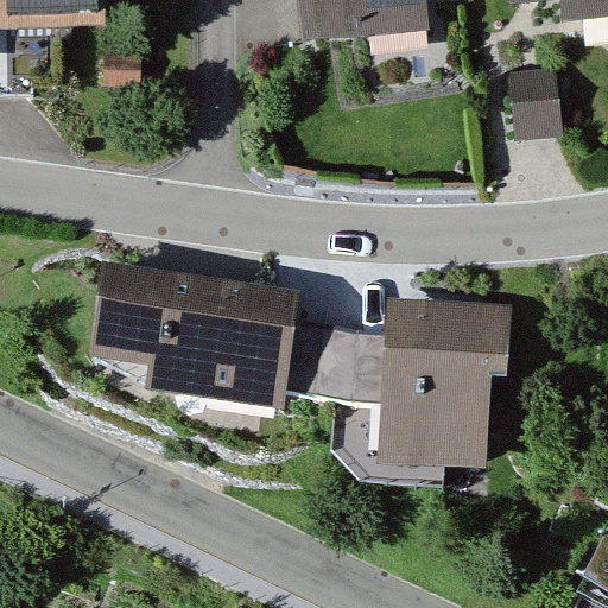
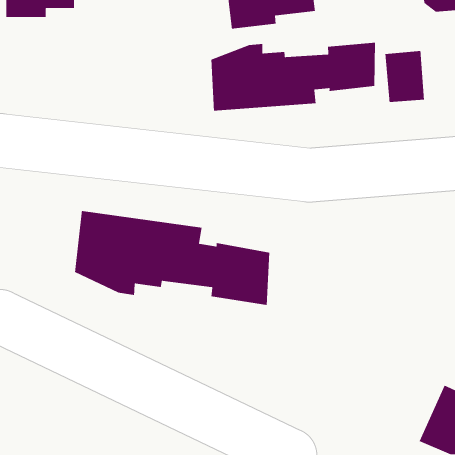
building: none -> [211,42,376,112]
building: [357,314,507,464] -> none

